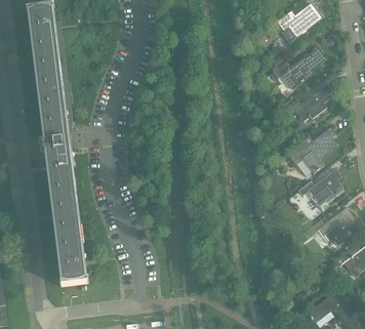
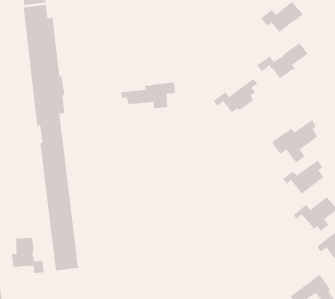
building: [283,85,330,121] -> [213,79,258,113]
building: none -> [120,82,175,109]
building: none -> [11,237,44,274]

